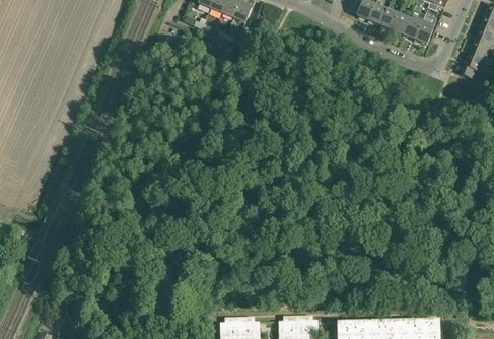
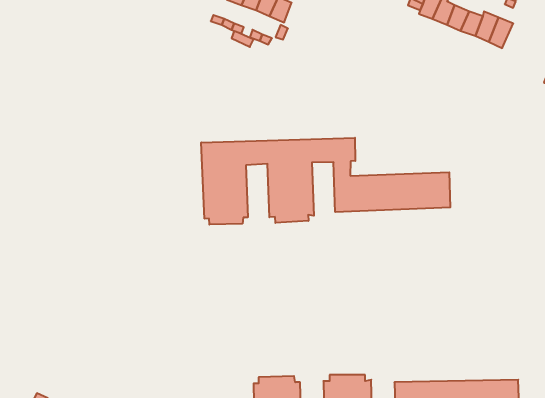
building: none -> [201,138,450,225]

